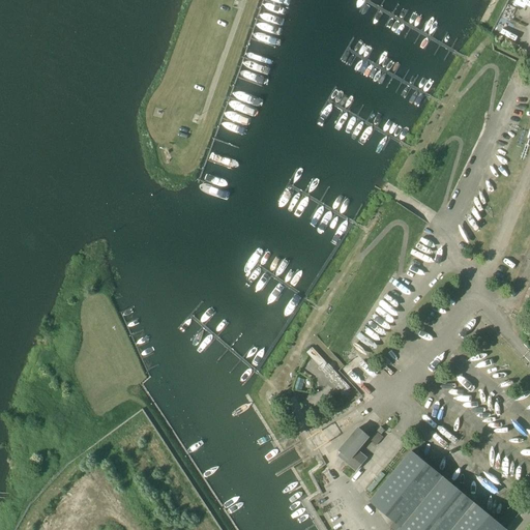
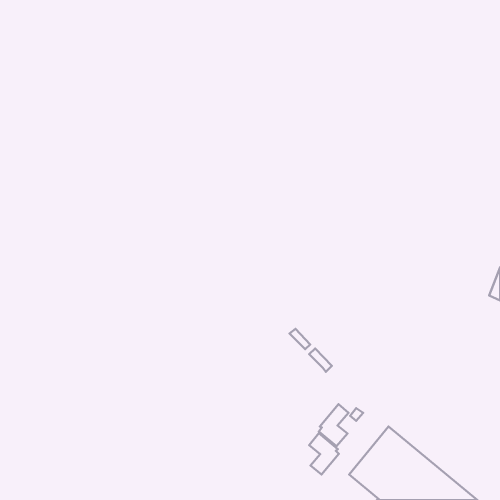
building: none -> [309,433,339,474]

